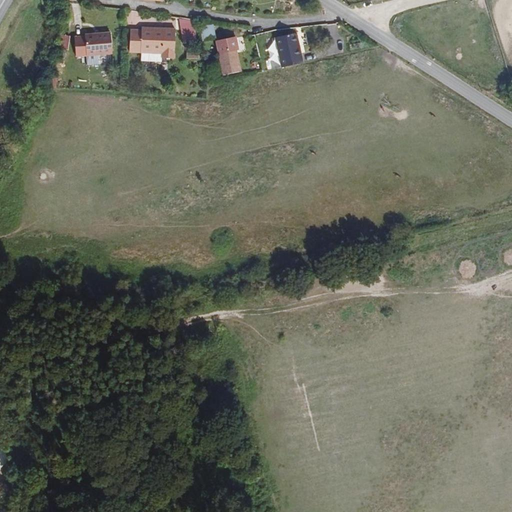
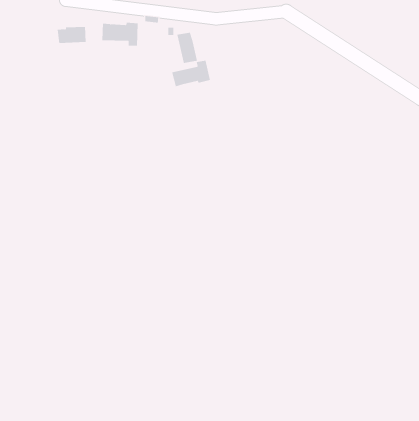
building: [275,34,303,68] -> none
building: none -> [172,60,210,87]

